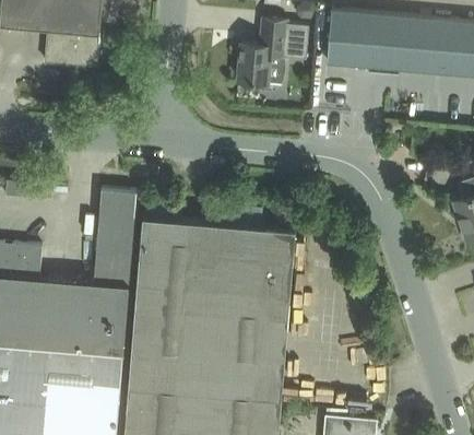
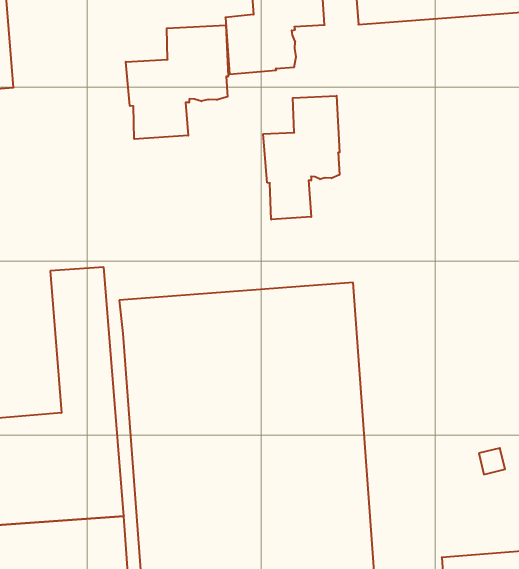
building: none -> [126,25,228,139]
building: none -> [263,96,339,220]

